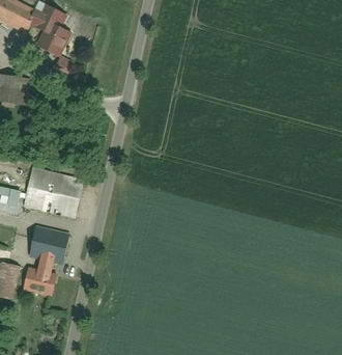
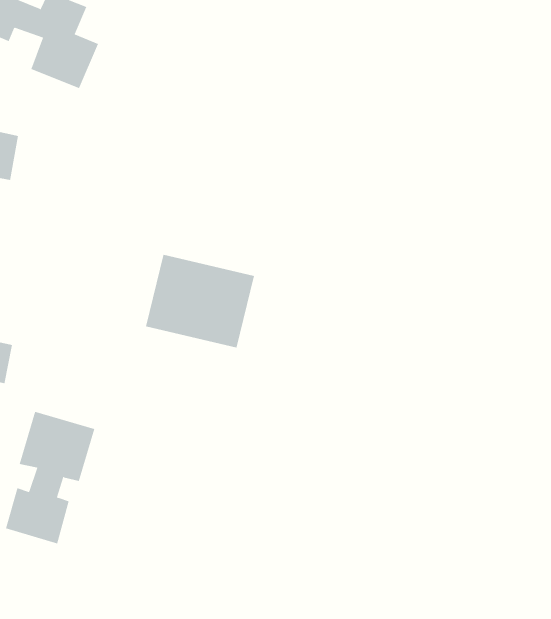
building: [25,167,83,217] -> [145,254,255,348]

